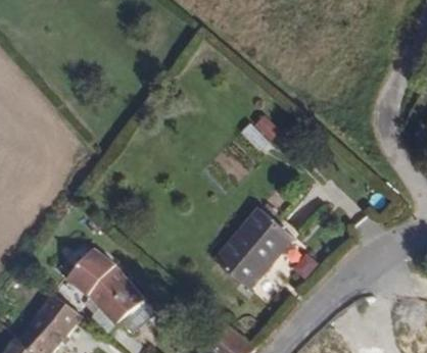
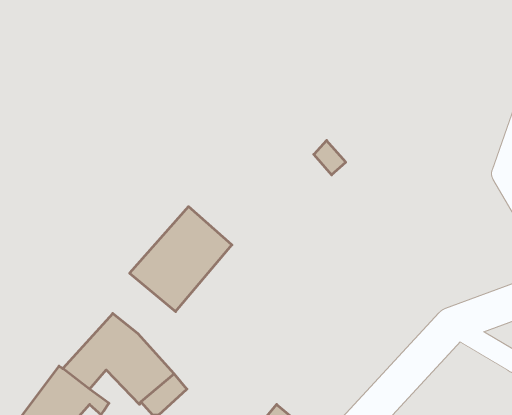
building: [212,206,294,290] -> [130,207,232,312]

